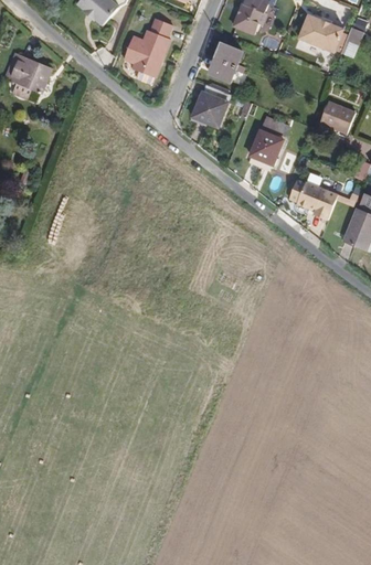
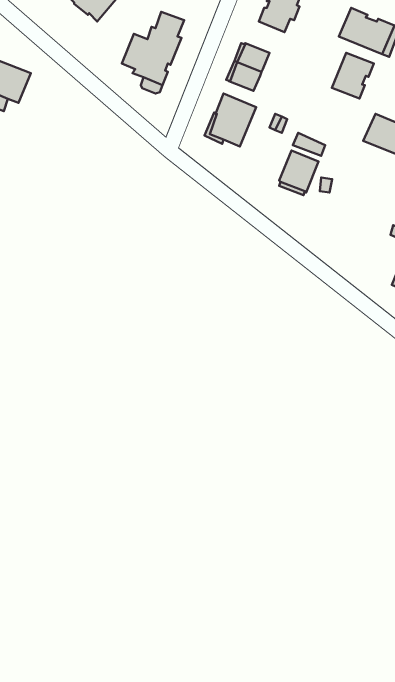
building: none -> [332,53,374,99]
building: [299,182,339,217] -> none

